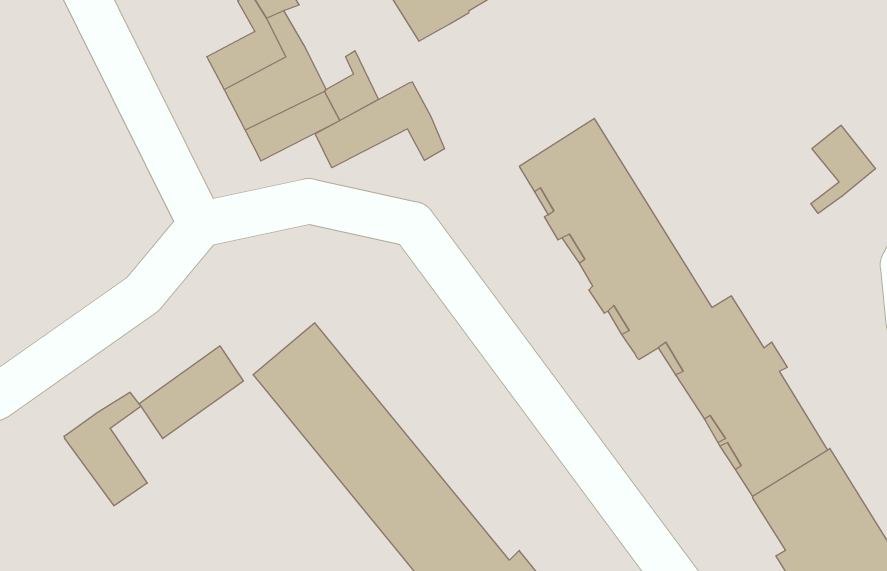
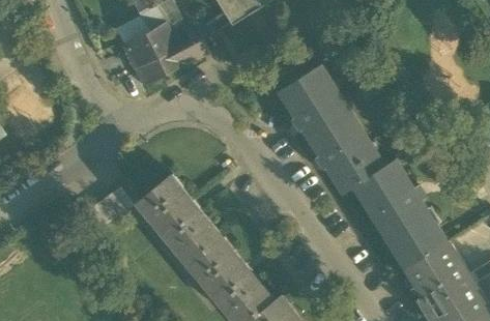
building: [315,82,444,168] -> none
building: [811,125,875,213] -> none
building: [64,392,147,506] -> none

